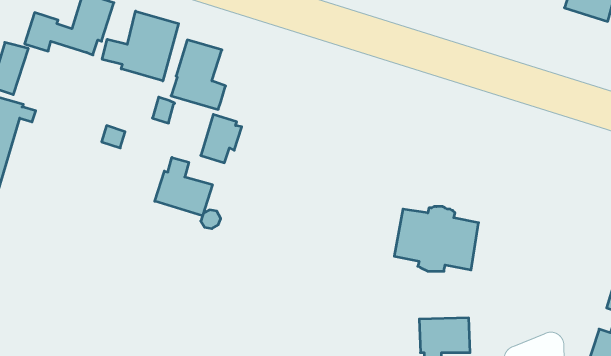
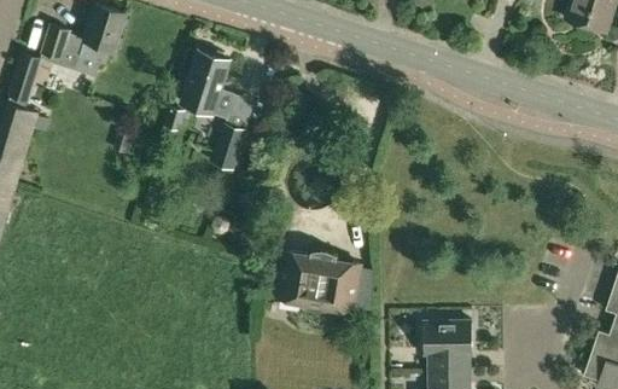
building: [102,11,179,81] -> none
building: [155,157,212,216] -> none
building: [394,207,479,271] -> [278,249,360,312]

